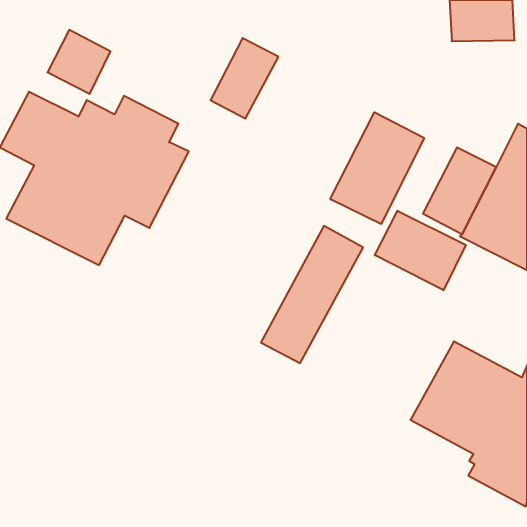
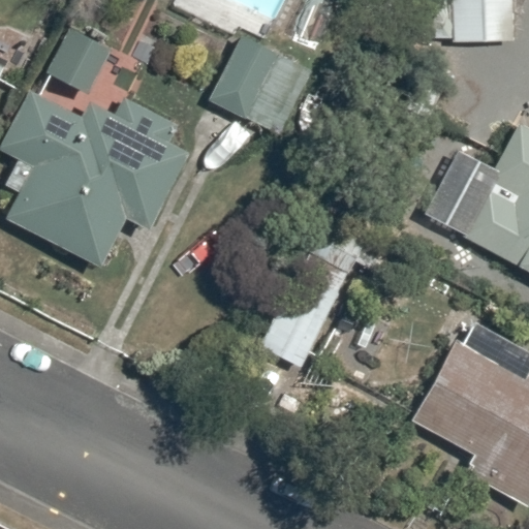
building: [330,112,424,224] -> none
building: [375,211,466,290] -> none

